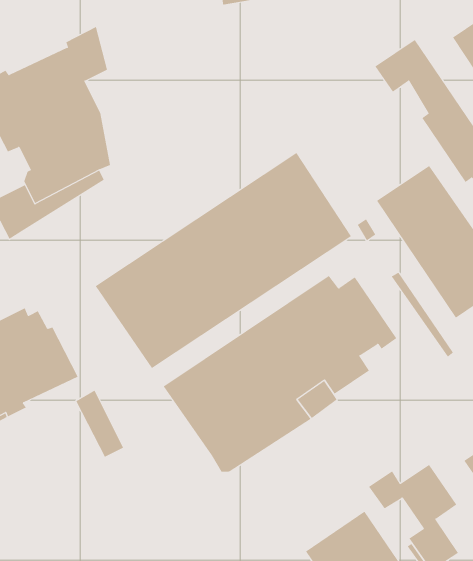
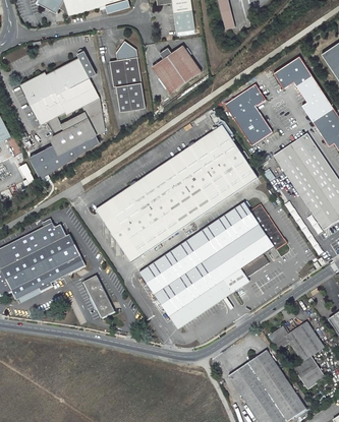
building: none -> [110,42,146,114]
building: none -> [151,46,197,93]
building: none -> [224,82,272,145]

